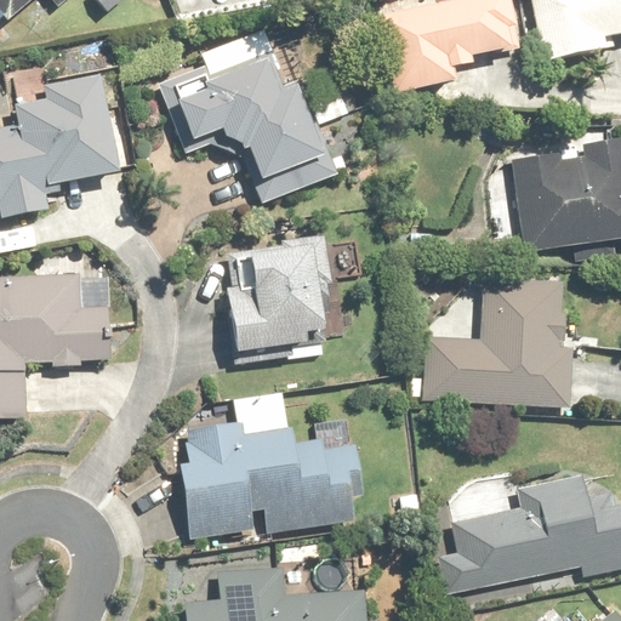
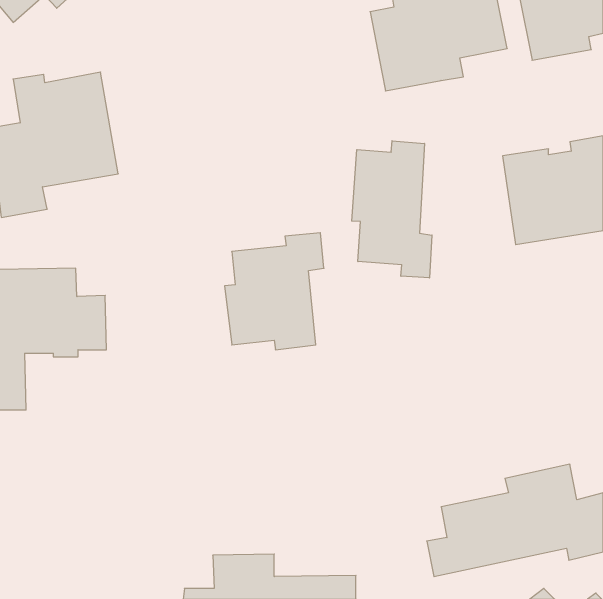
building: [172,32,332,203] -> none
building: none -> [352,141,432,278]
building: [406,277,574,408] -> none
building: [183,392,361,535] -> none

